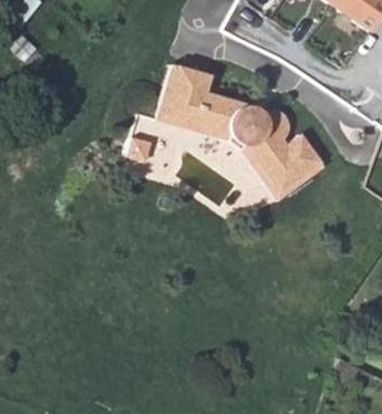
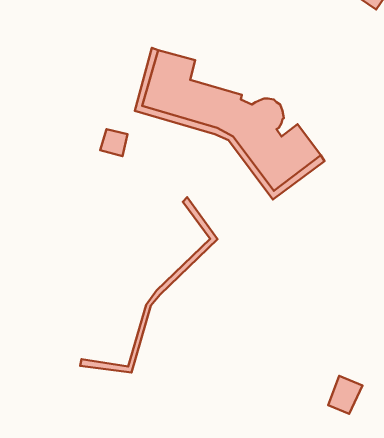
building: none -> [80,197,218,373]

